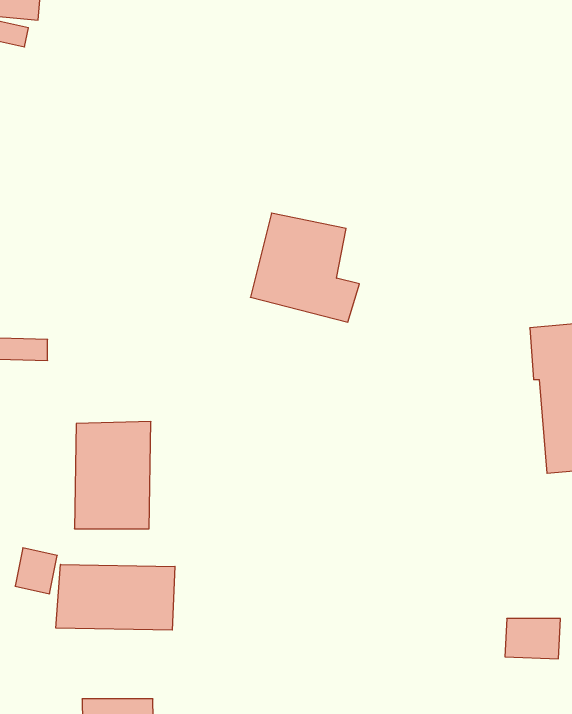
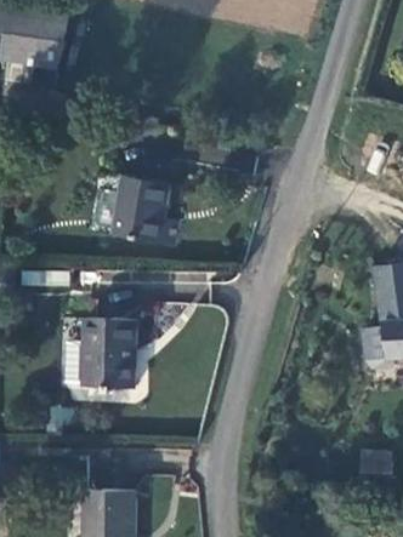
building: [250,213,359,322] -> [106,179,175,248]
building: [56,564,175,630] -> none

